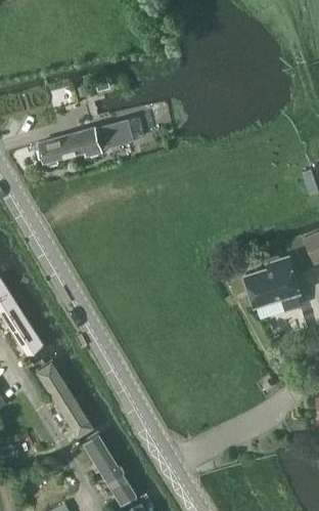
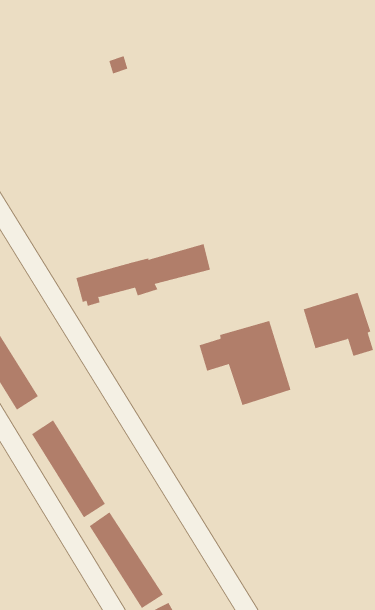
building: [40,117,145,166] -> [75,244,211,307]
building: none -> [199,320,291,406]

